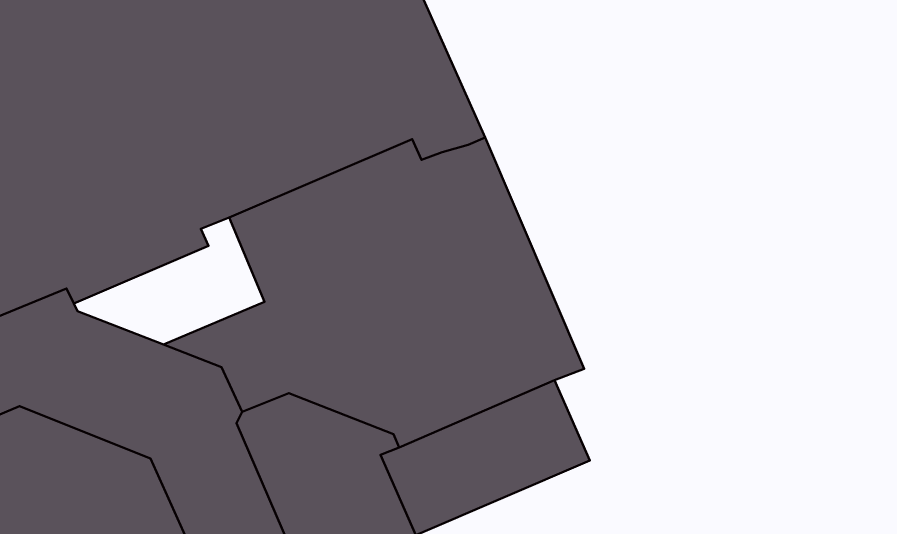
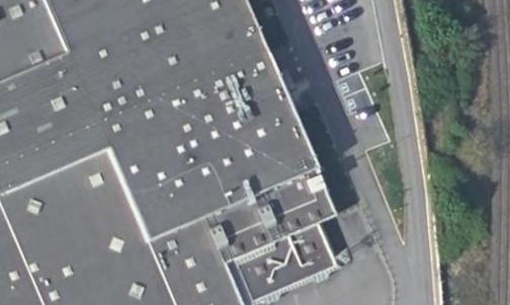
building: none -> [59,132,162,201]

